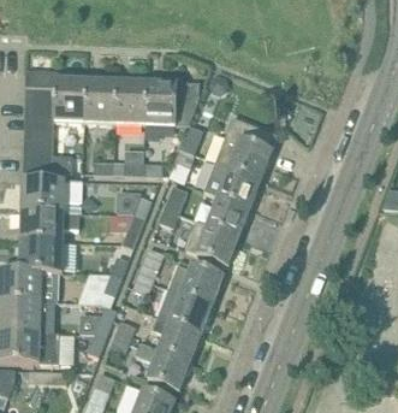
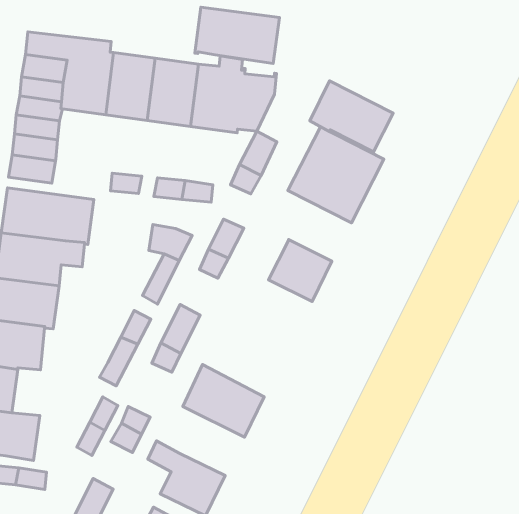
building: none -> [195,7,279,64]
building: [203,161,260,207] -> [310,81,393,152]
building: [185,220,238,265] -> none
building: [167,262,224,305] -> none
building: [152,317,201,361] -> none

